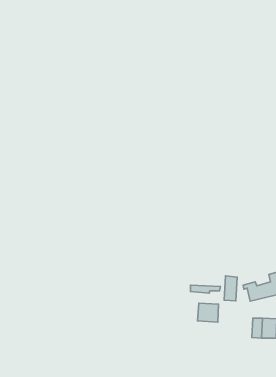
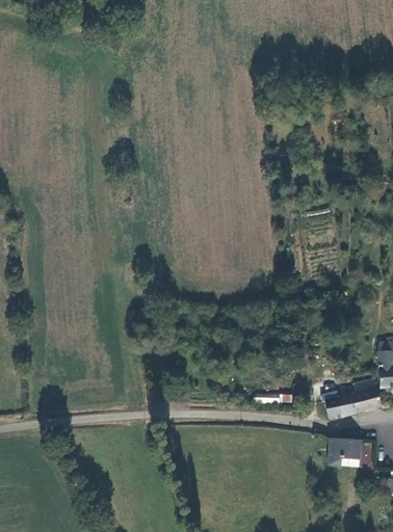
building: [224,276,237,301] -> none
building: [197,303,219,322] -> none

